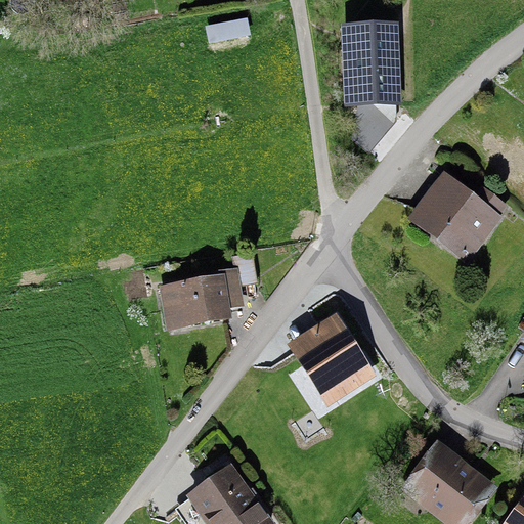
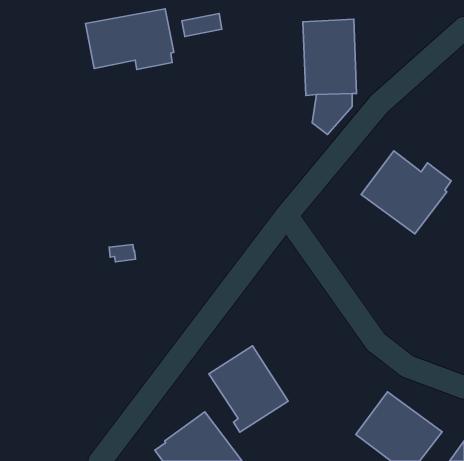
building: none -> [85,9,174,70]
building: [158,252,257,330] -> none
building: [286,313,375,410] -> [209,346,288,432]

